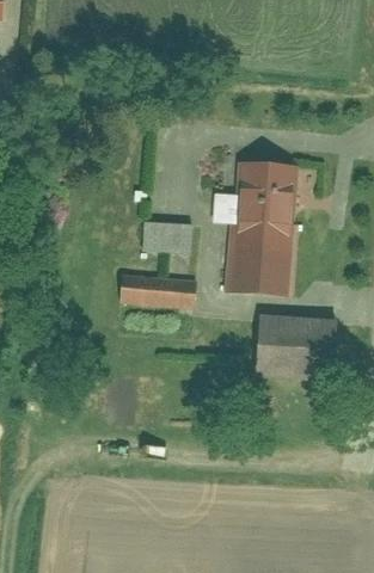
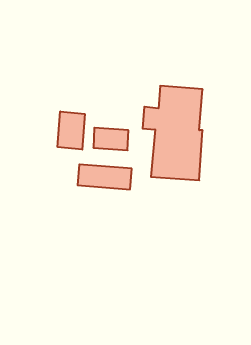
building: none -> [58,111,85,150]
building: [255,314,338,381] -> none

